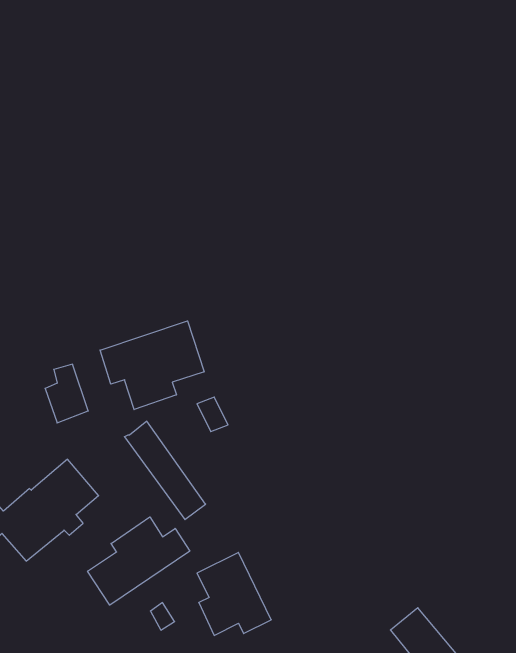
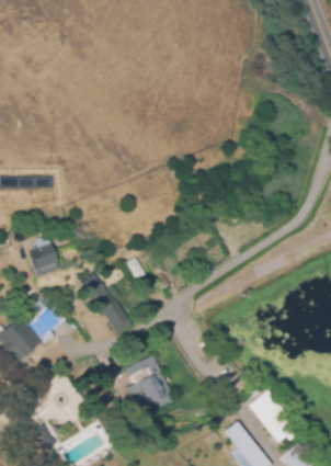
building: [100,321,204,410] -> none
building: [88,517,190,605] -> none

